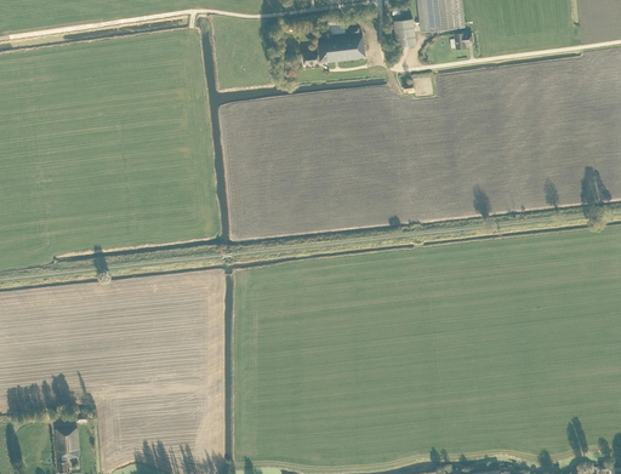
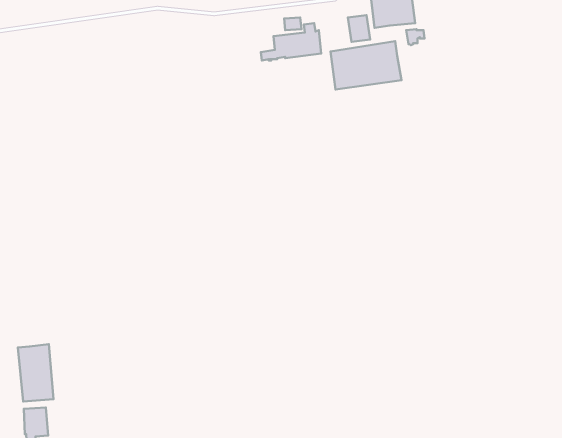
building: none -> [330,41,402,90]
building: none -> [18,344,53,401]

